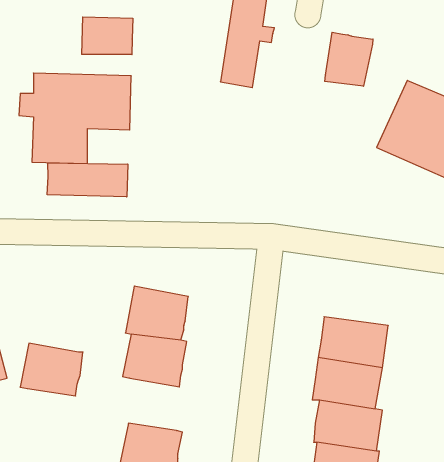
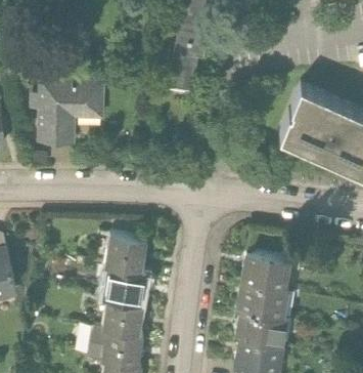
building: [82,17,133,55] -> none
building: [325,32,373,86] -> none
building: [47,163,128,197] -> none
building: [20,343,83,396] -> [101,300,145,337]

